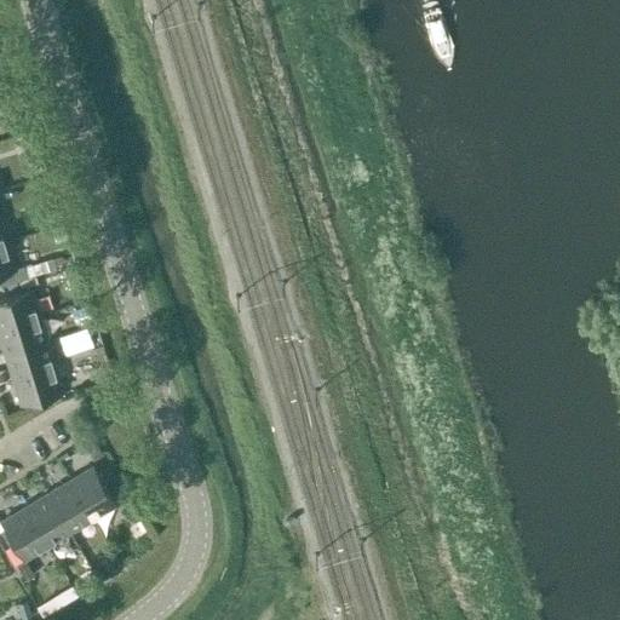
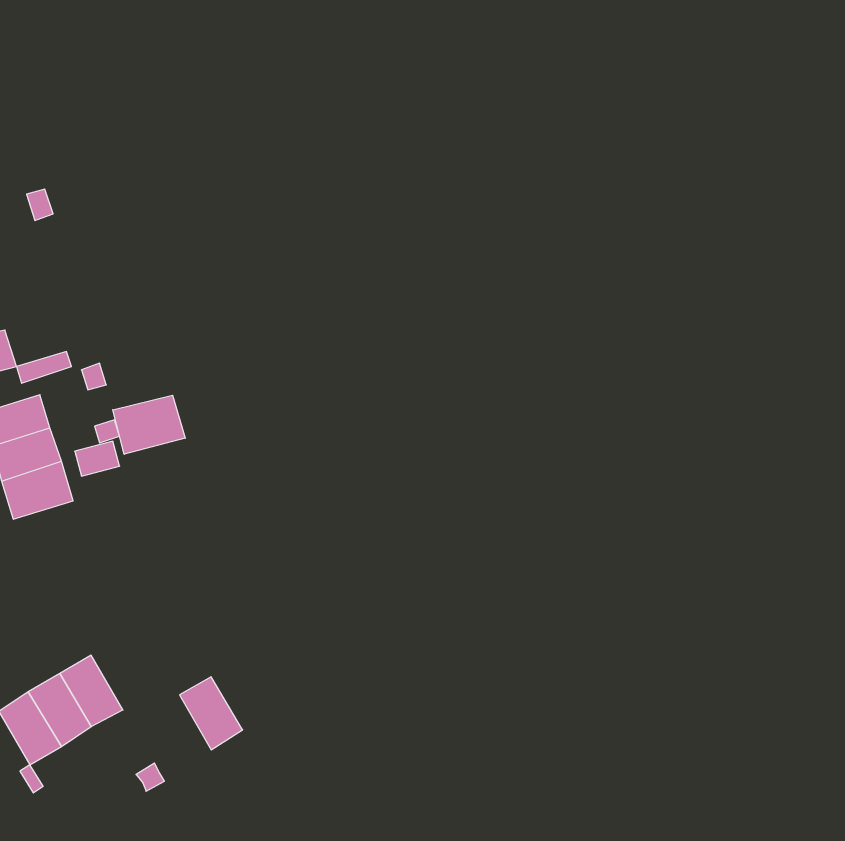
building: none -> [113,395,185,454]
building: [10,371,61,408] -> none
building: [67,470,113,523] -> [180,677,243,750]

